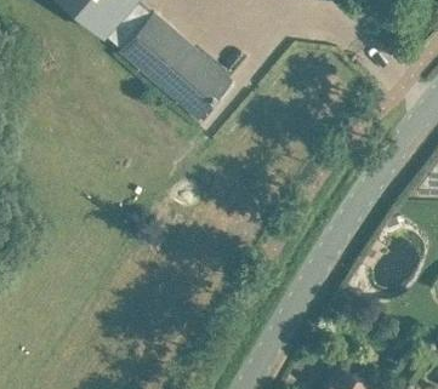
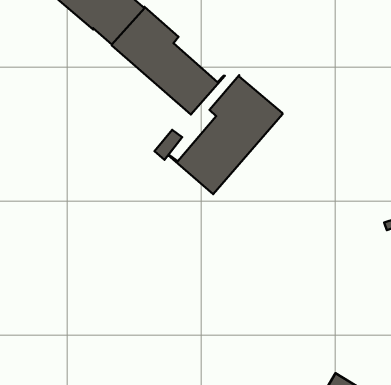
building: none -> [168,75,282,194]

